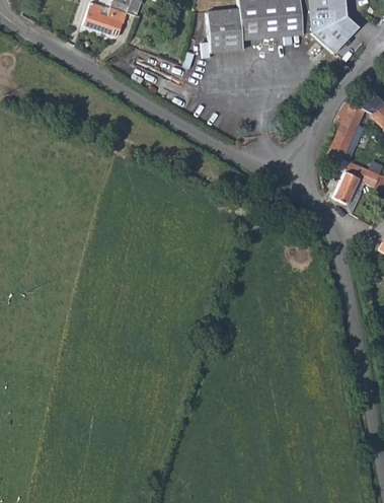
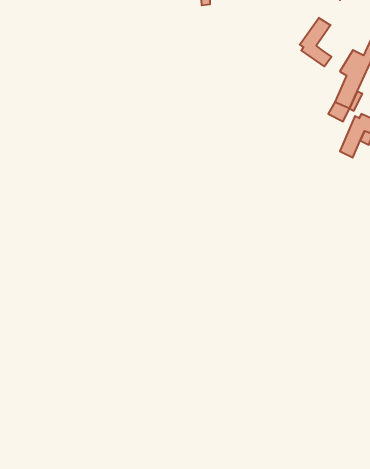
building: none -> [300,18,331,66]

